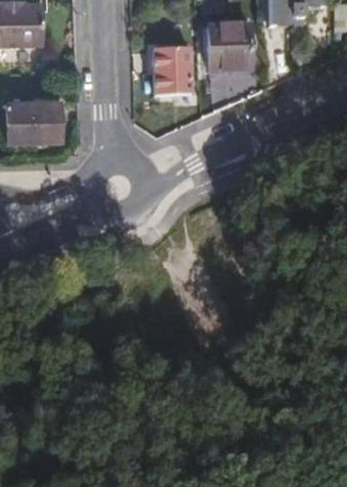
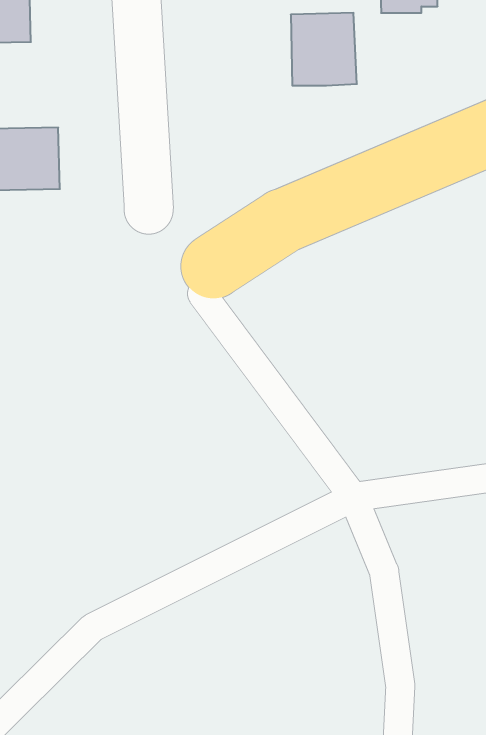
building: [153,49,189,95] -> none

